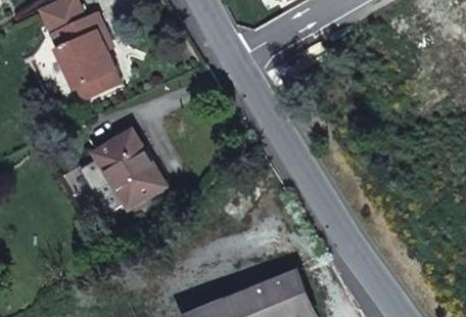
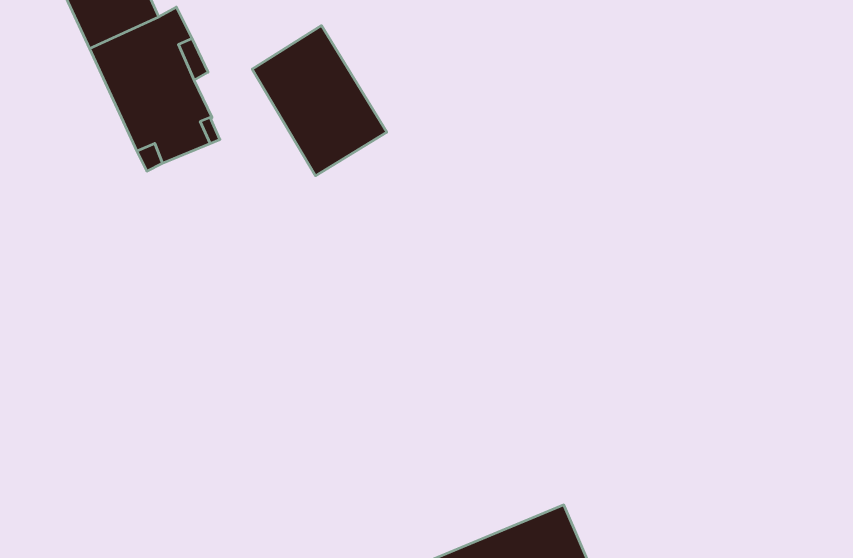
building: [95,130,165,208] -> [252,26,387,176]

